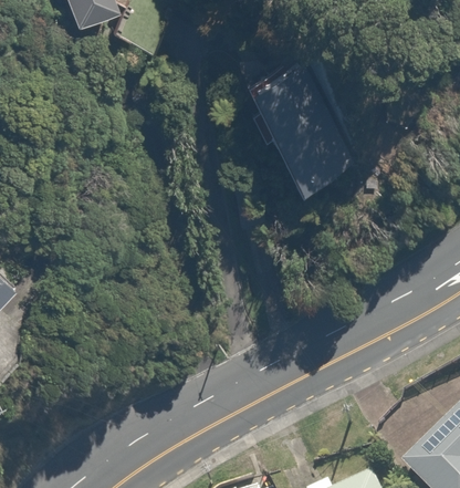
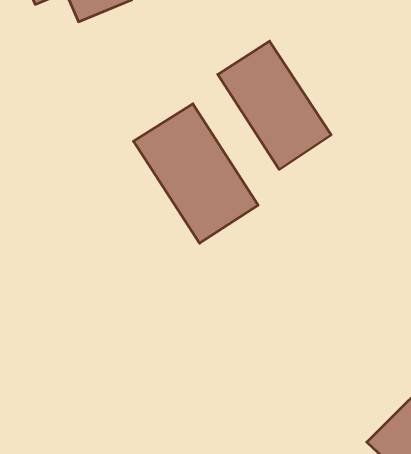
building: none -> [133,104,258,243]

